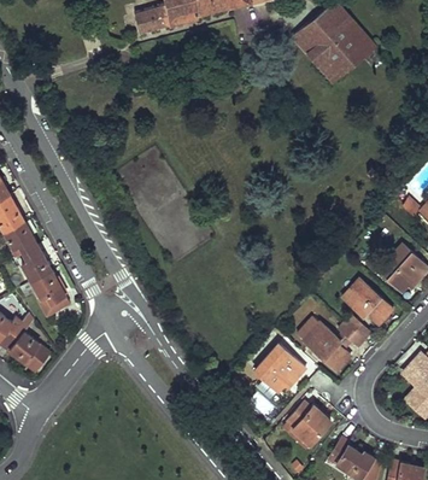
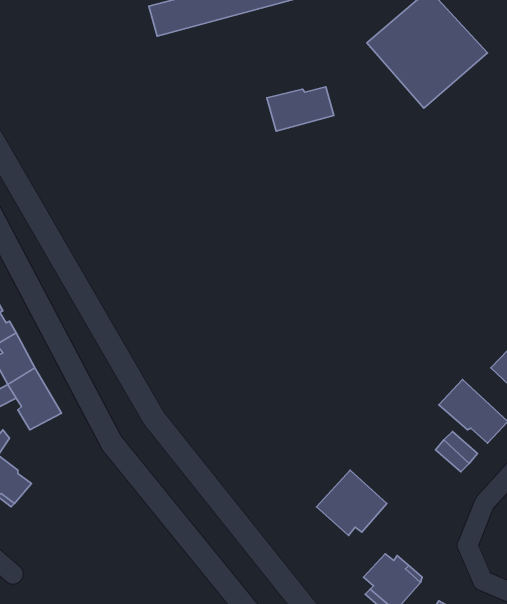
building: none -> [267,87,334,131]
building: [301,322,350,370] -> none

